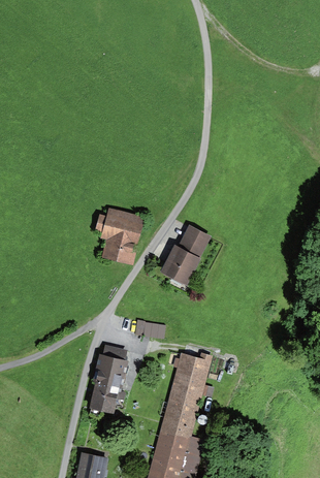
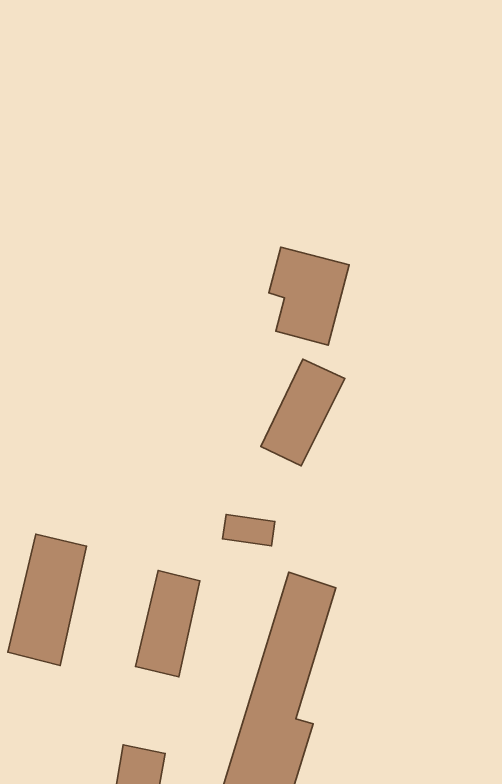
building: [98,208,146,265] -> [269,247,349,345]
building: none -> [8,534,86,665]

